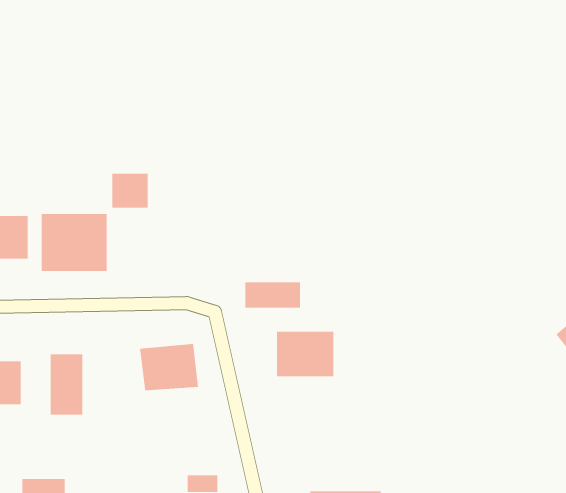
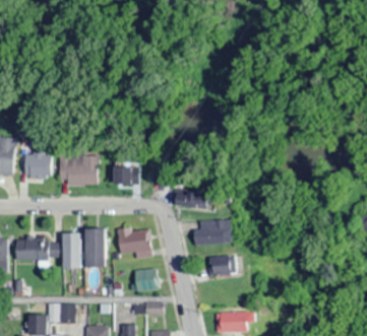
building: [112,173,148,208] -> [116,164,137,185]
building: none -> [88,229,109,268]
building: none -> [213,258,236,275]
building: none -> [132,269,159,291]

